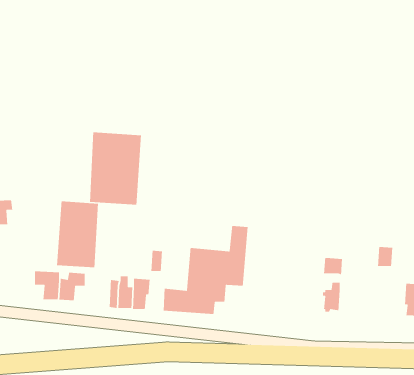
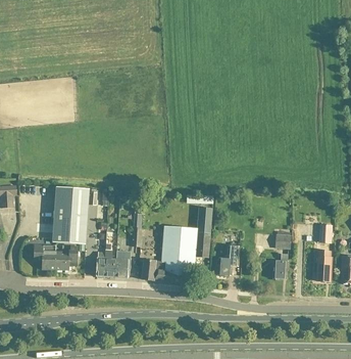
building: [89,132,142,205] -> none
building: none -> [216,245,239,276]
building: none -> [314,250,332,280]

